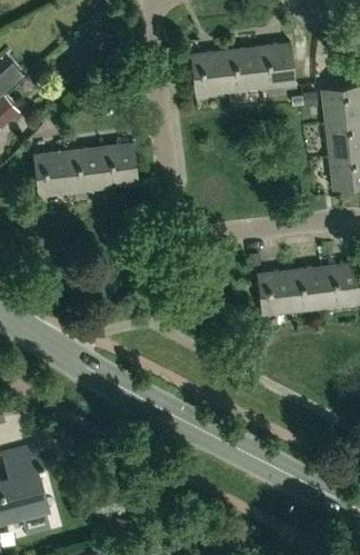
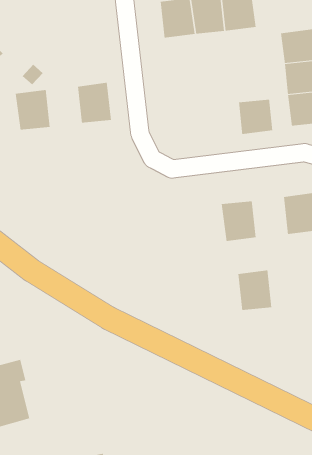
building: [66,148,103,192] -> none
building: none -> [238,99,273,135]
building: [290,268,328,313] -> [237,270,272,311]

